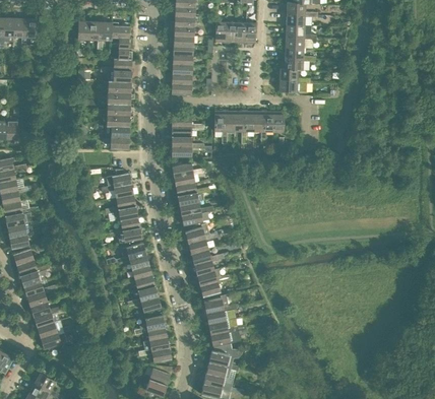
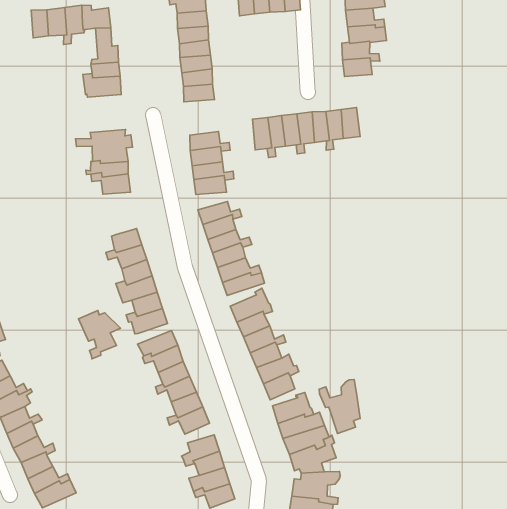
building: [107,82,134,105] -> none
building: none -> [79,311,121,359]
building: none -> [319,380,360,434]

